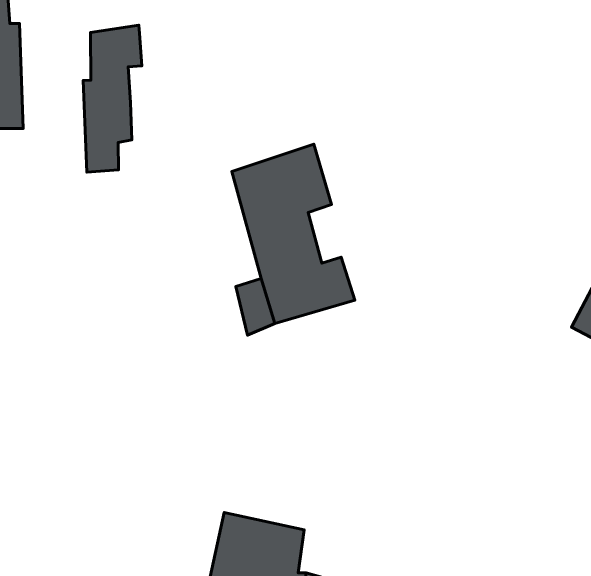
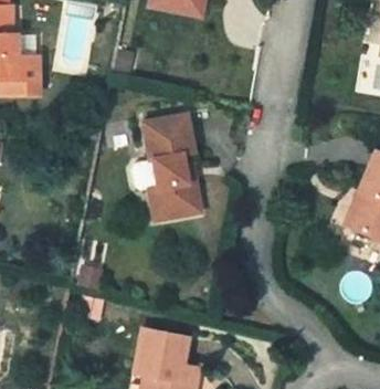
building: [83,25,142,172] -> none

